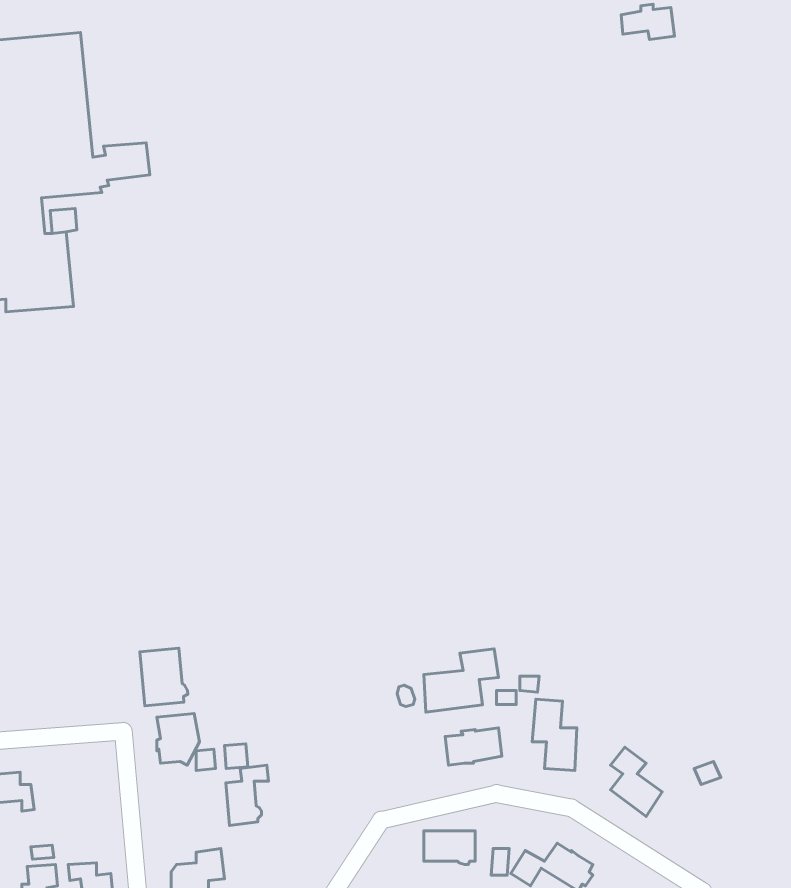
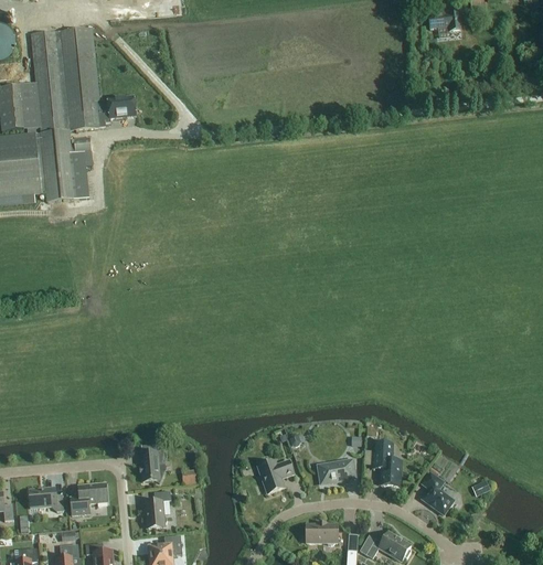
building: [140,648,188,706] -> none
building: [424,649,499,712] -> none
building: none -> [256,459,292,492]
building: none -> [70,482,106,514]
building: [226,765,268,825] -> [143,490,170,527]

